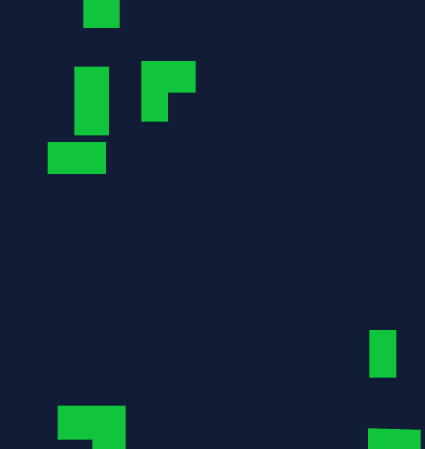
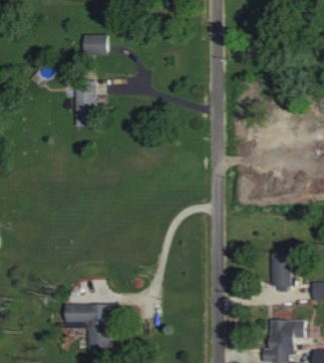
building: [141,60,196,122] -> none
building: [47,141,107,175] -> none

